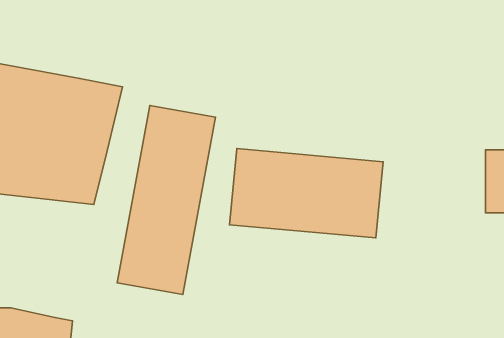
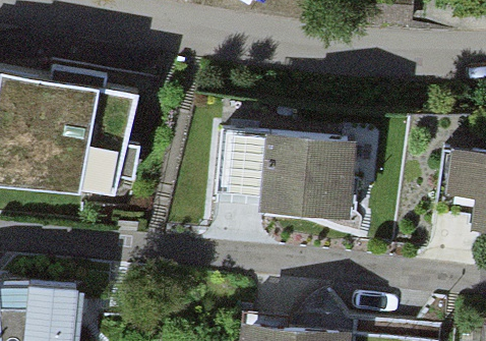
building: [117,105,215,294] -> none

